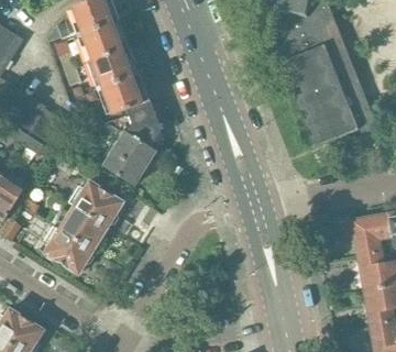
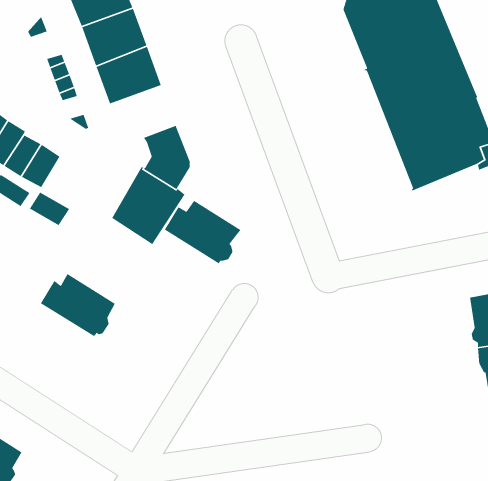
building: [103,74,150,114] -> none
building: [69,180,123,226] -> [164,200,241,265]
building: [44,226,94,273] -> none

